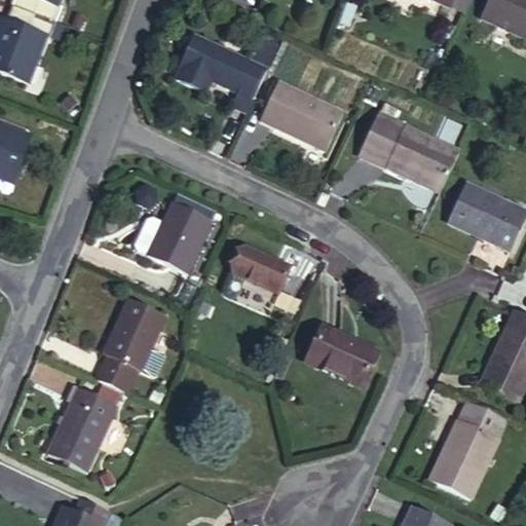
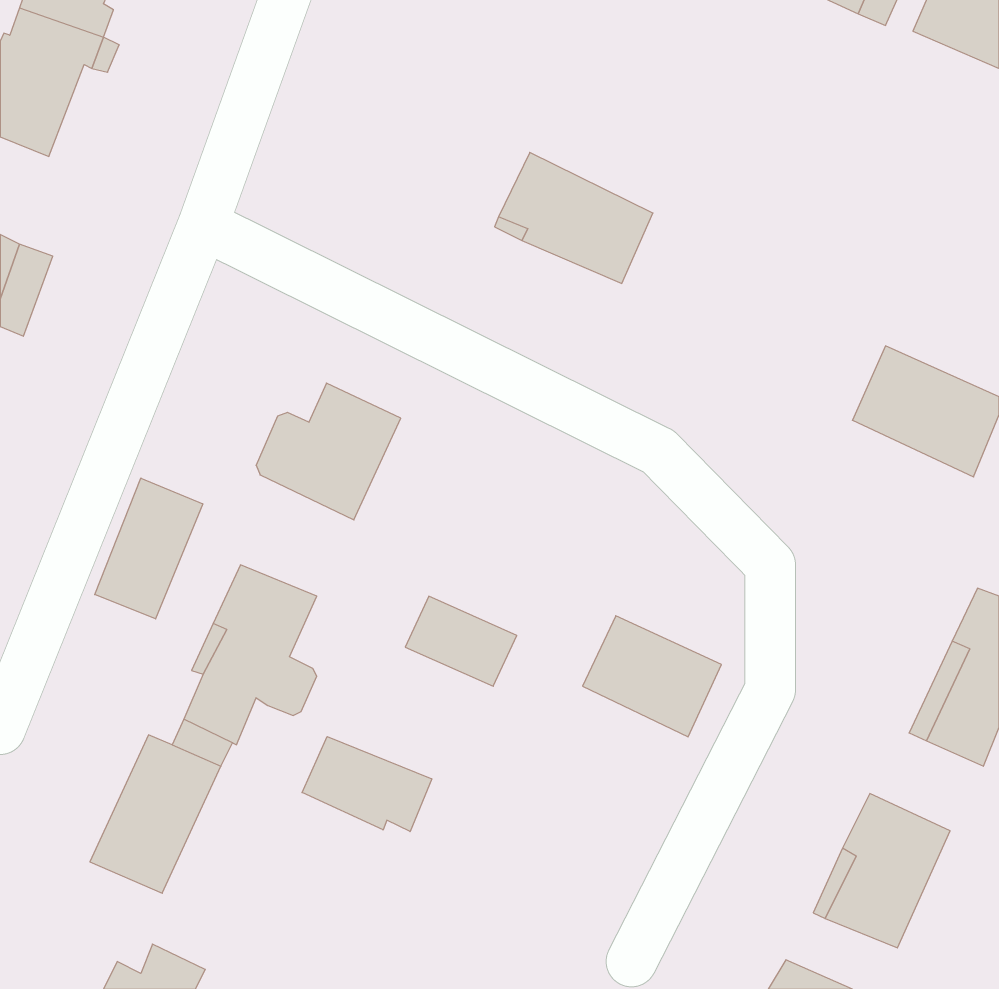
building: [177,34,266,98] -> none
building: [368,116,458,188] -> none
building: [231,245,290,292] -> [405,596,517,686]
building: none -> [95,478,203,619]
building: none -> [302,737,432,832]

